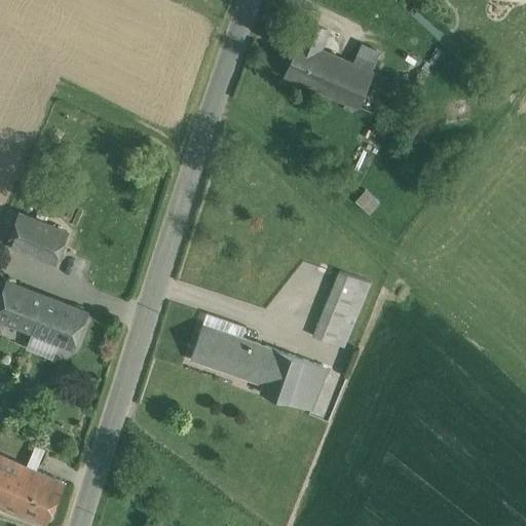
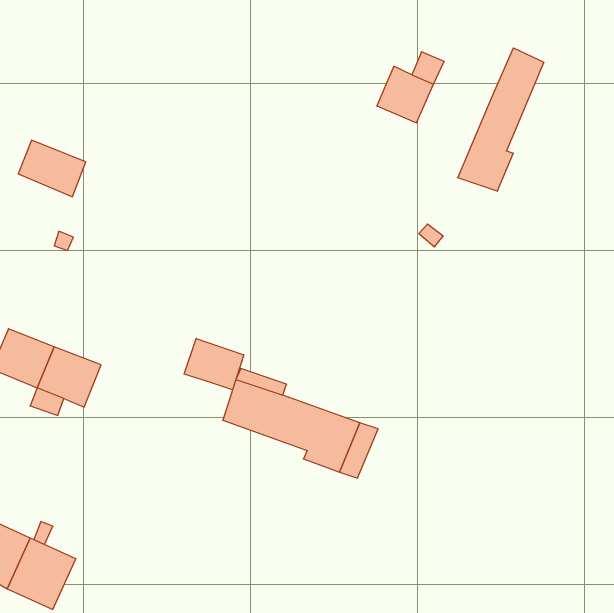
building: [286,24,336,92] -> none
building: none -> [458,48,544,191]
building: [8,215,66,263] -> [18,140,86,197]
building: [312,273,370,349] -> none
building: none -> [184,338,244,390]

